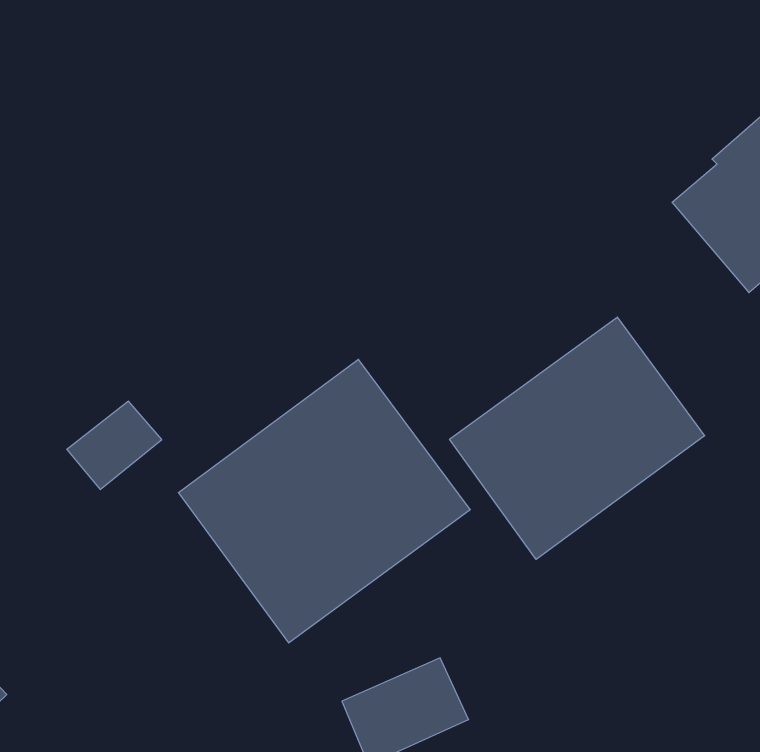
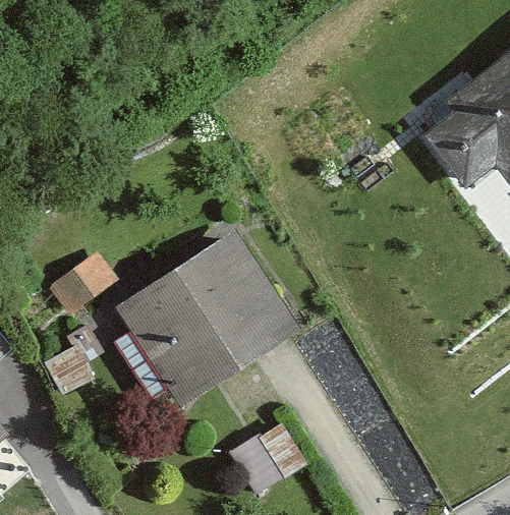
building: [450,317,705,559] -> none

